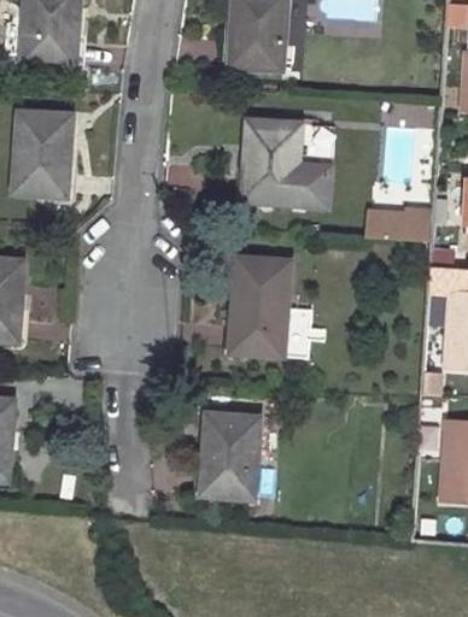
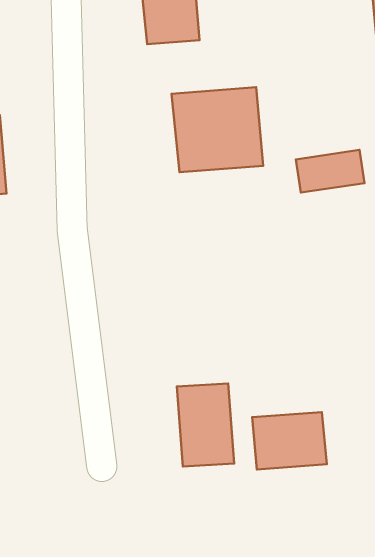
building: [232,257,311,357] -> none
building: none -> [252,412,327,469]

